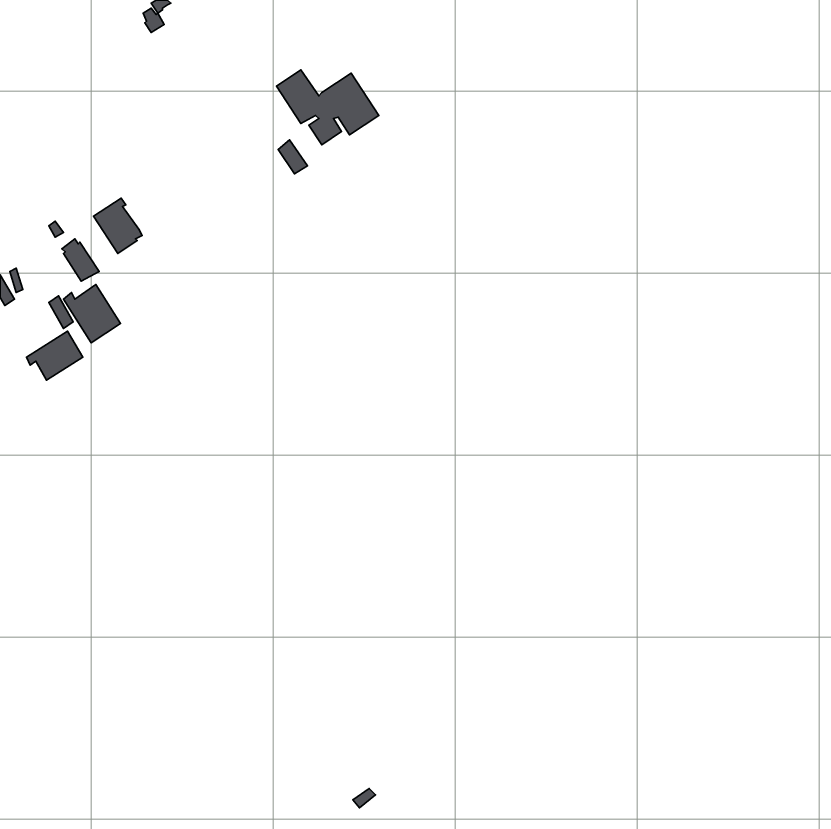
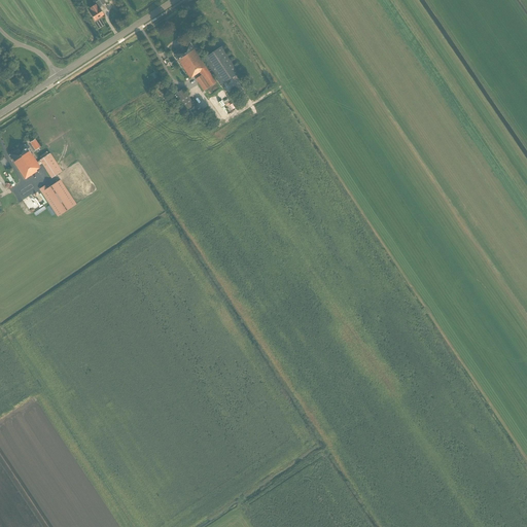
building: [93,198,142,254] -> [9,145,40,180]
building: [27,331,83,380] -> none

